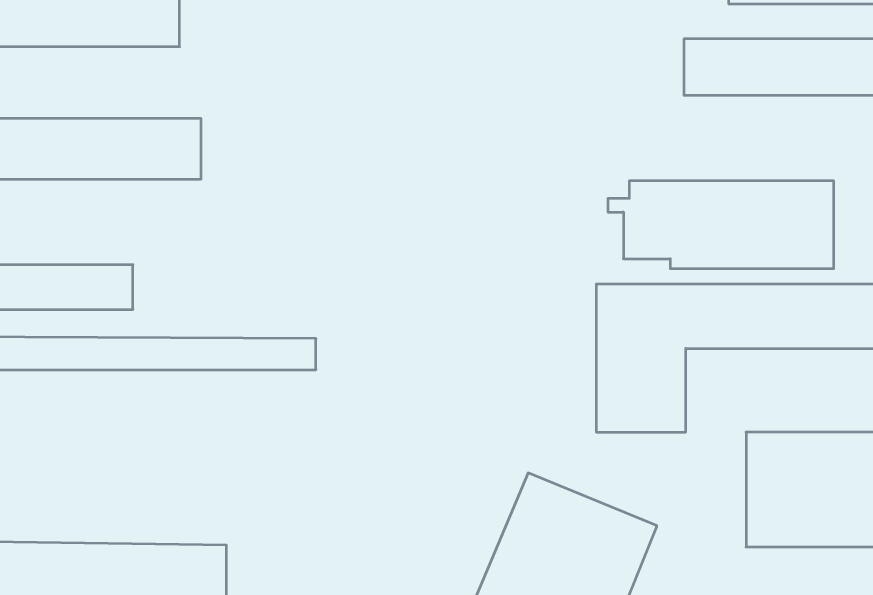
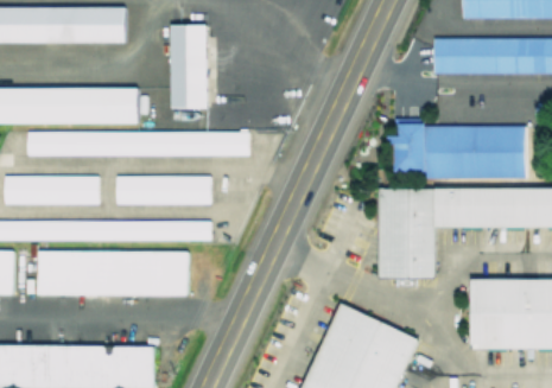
building: none -> [171,24,208,107]
building: none -> [25,131,249,154]
building: none -> [115,176,210,203]
building: none -> [36,250,189,295]

